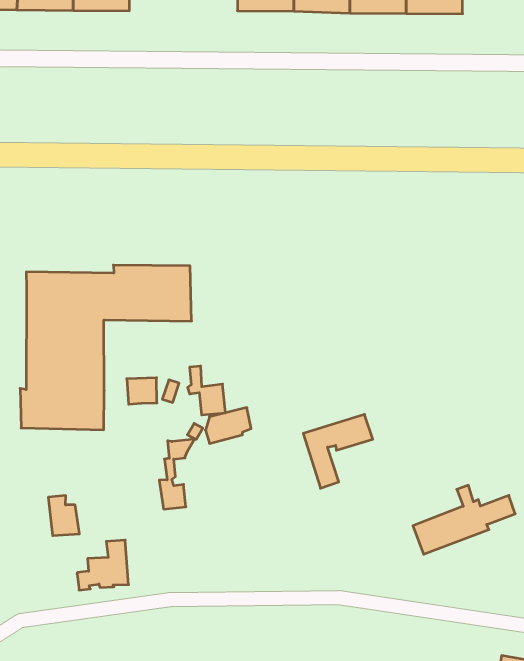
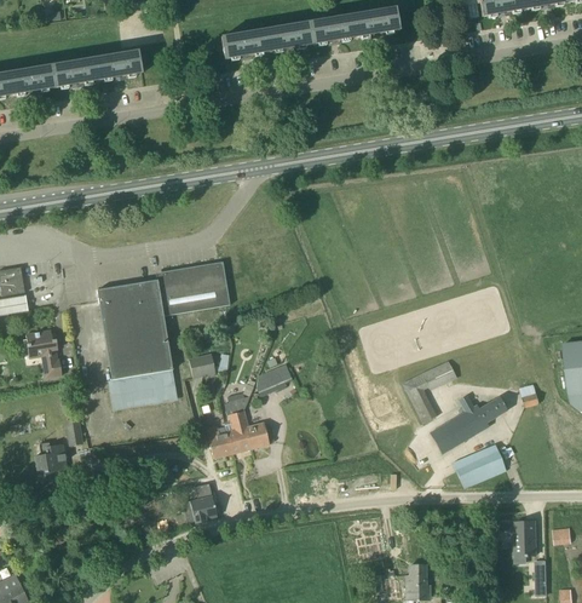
building: [188,366,225,415] -> [235,410,269,448]
building: [303,414,373,488] -> [402,358,456,421]
building: [48,496,79,536] -> [204,425,234,458]
building: none -> [451,443,506,488]

